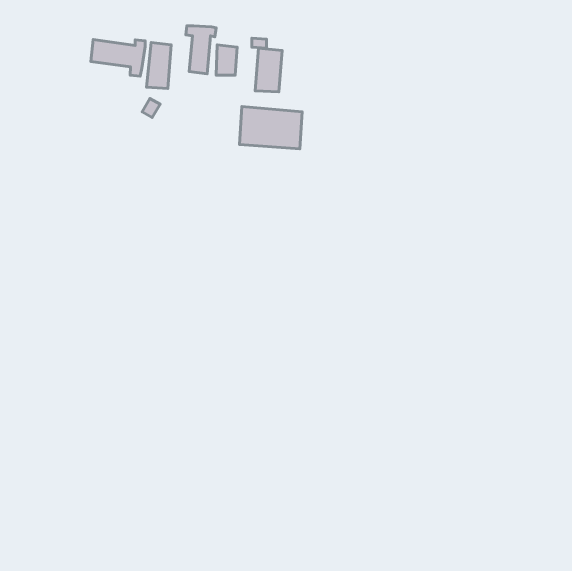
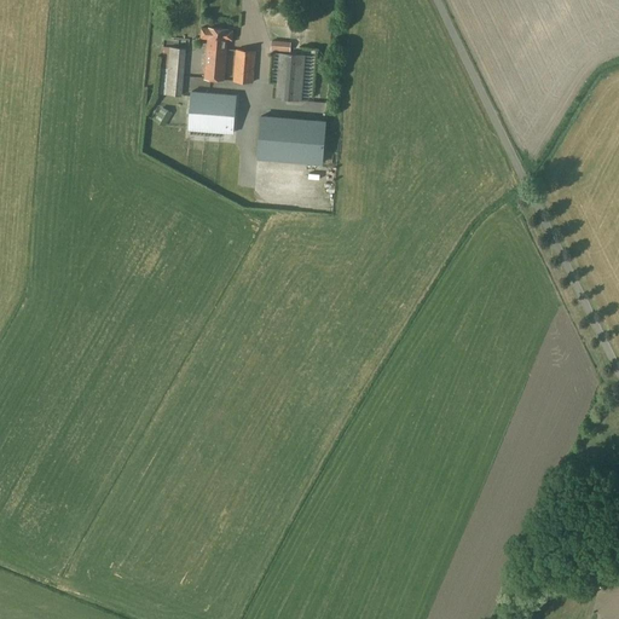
building: [91,39,145,76] -> none
building: none -> [187,93,236,134]

